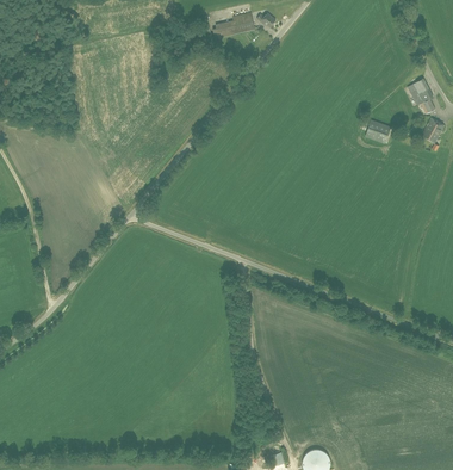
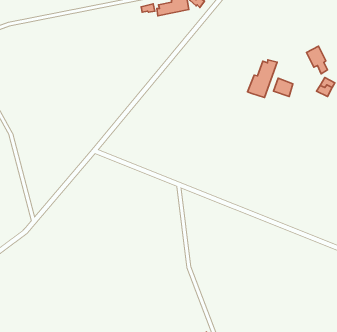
building: none -> [247,60,277,98]

